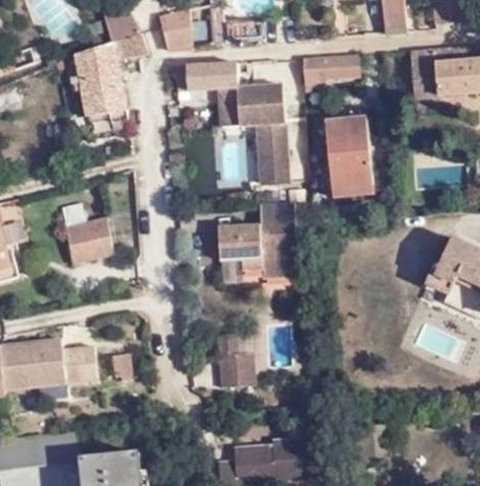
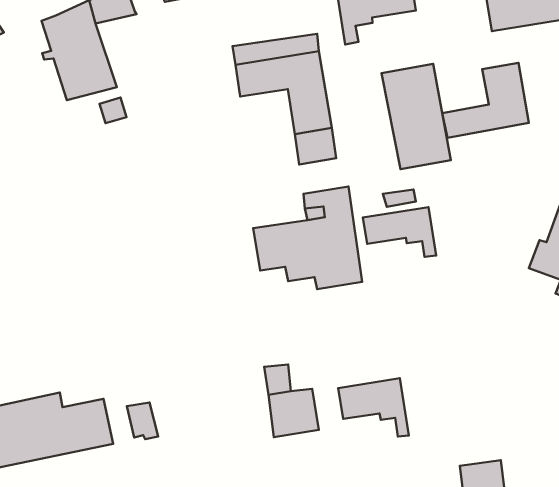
building: [175,63,236,91] -> none
building: none -> [442,63,529,138]
building: [65,217,116,264] -> none
building: none -> [363,207,436,257]
building: none -> [338,378,409,437]

